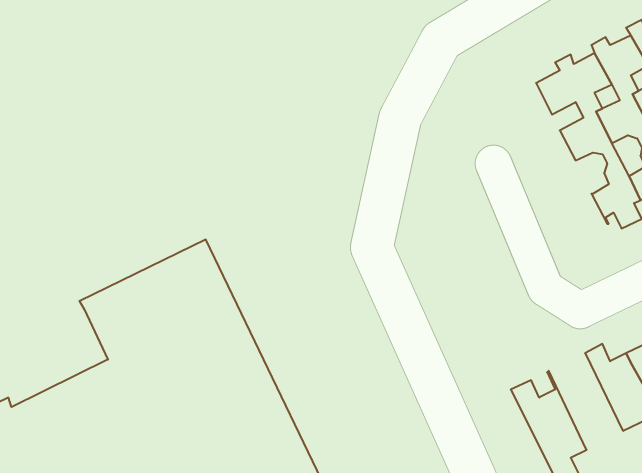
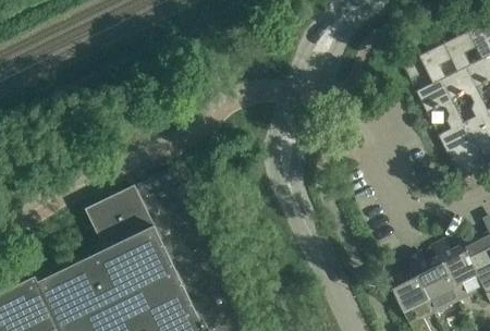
building: none -> [411,246,462,312]

